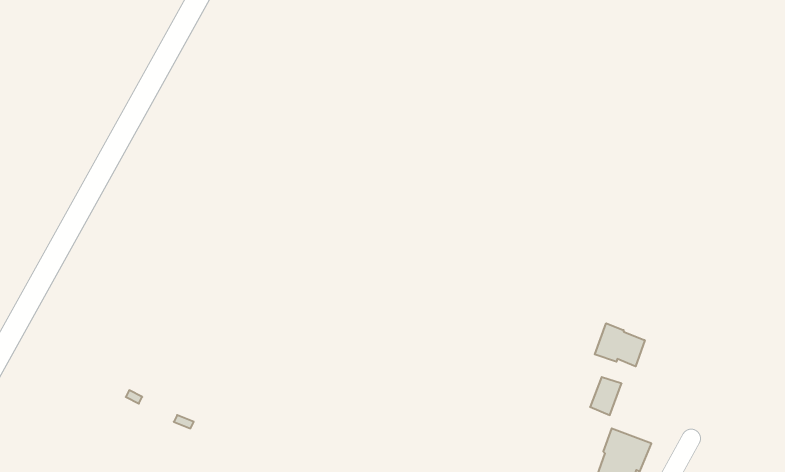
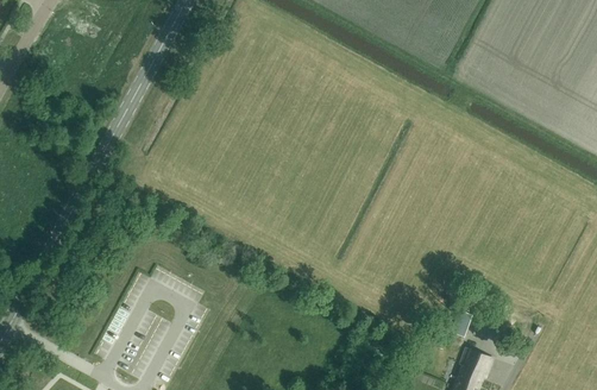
building: [595,323,645,366] -> none

